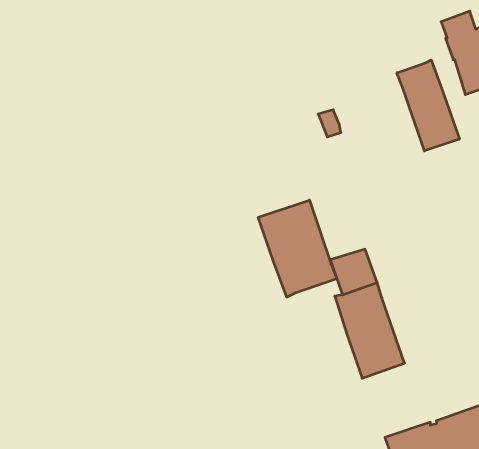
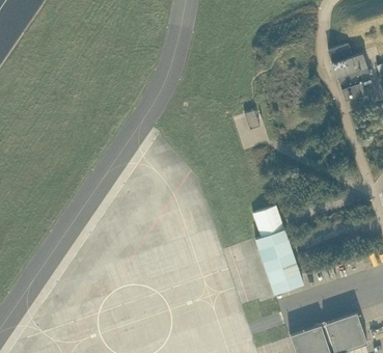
building: [397,60,459,151] -> none
building: [258,200,337,297] -> none

